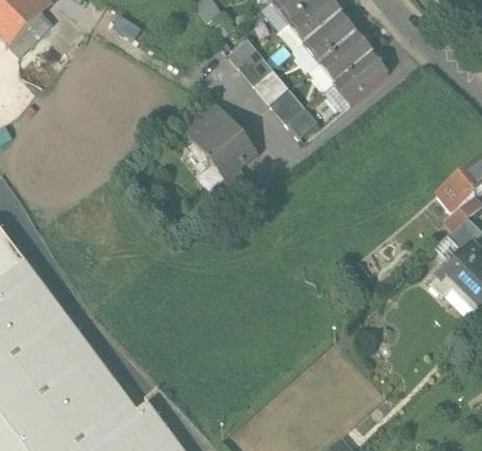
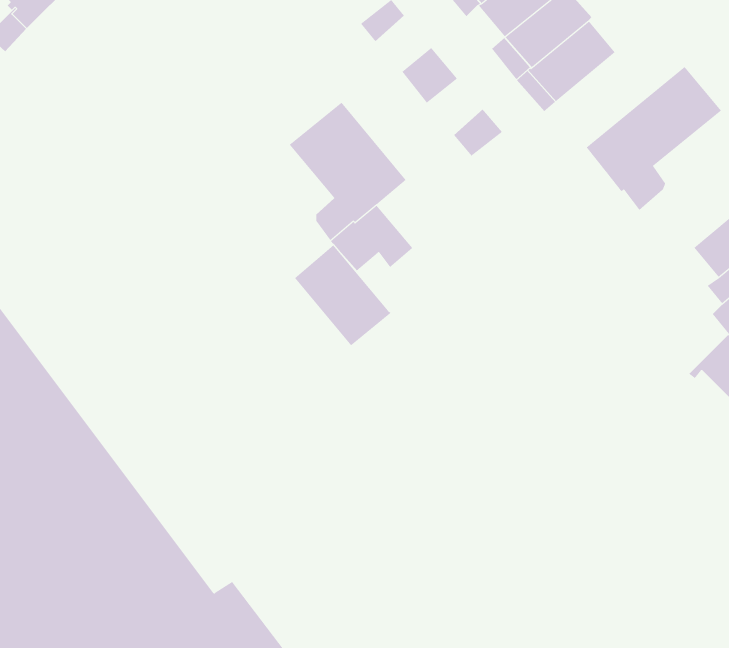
building: [236,48,272,83] -> none
building: none -> [586,66,722,211]
building: [268,87,304,122] -> none
building: none -> [294,244,392,346]

